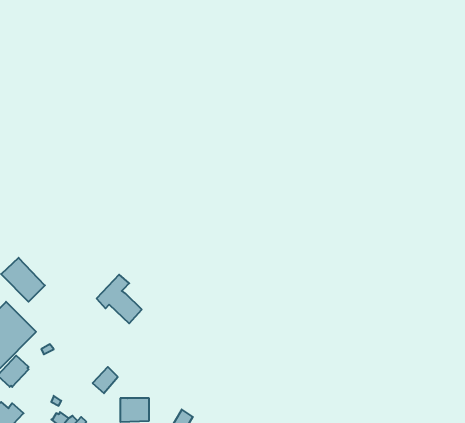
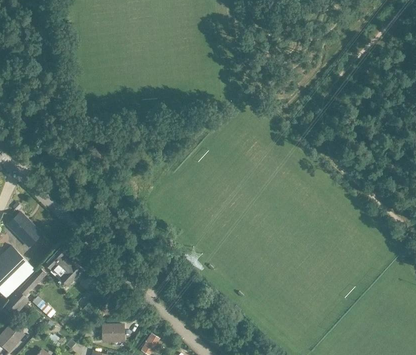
building: [97,275,142,323] -> [44,243,80,282]

